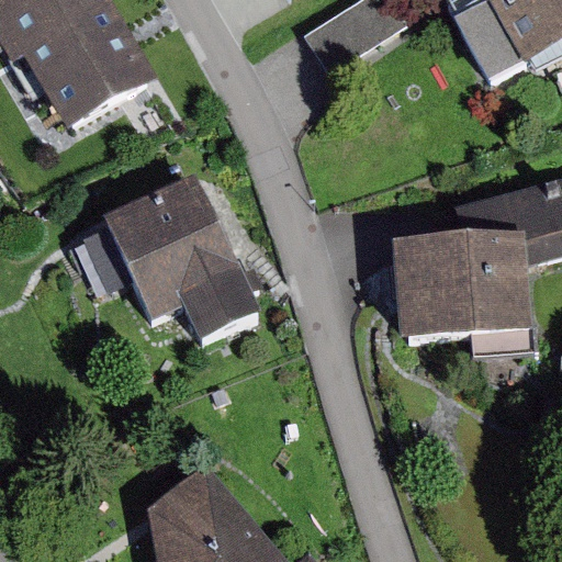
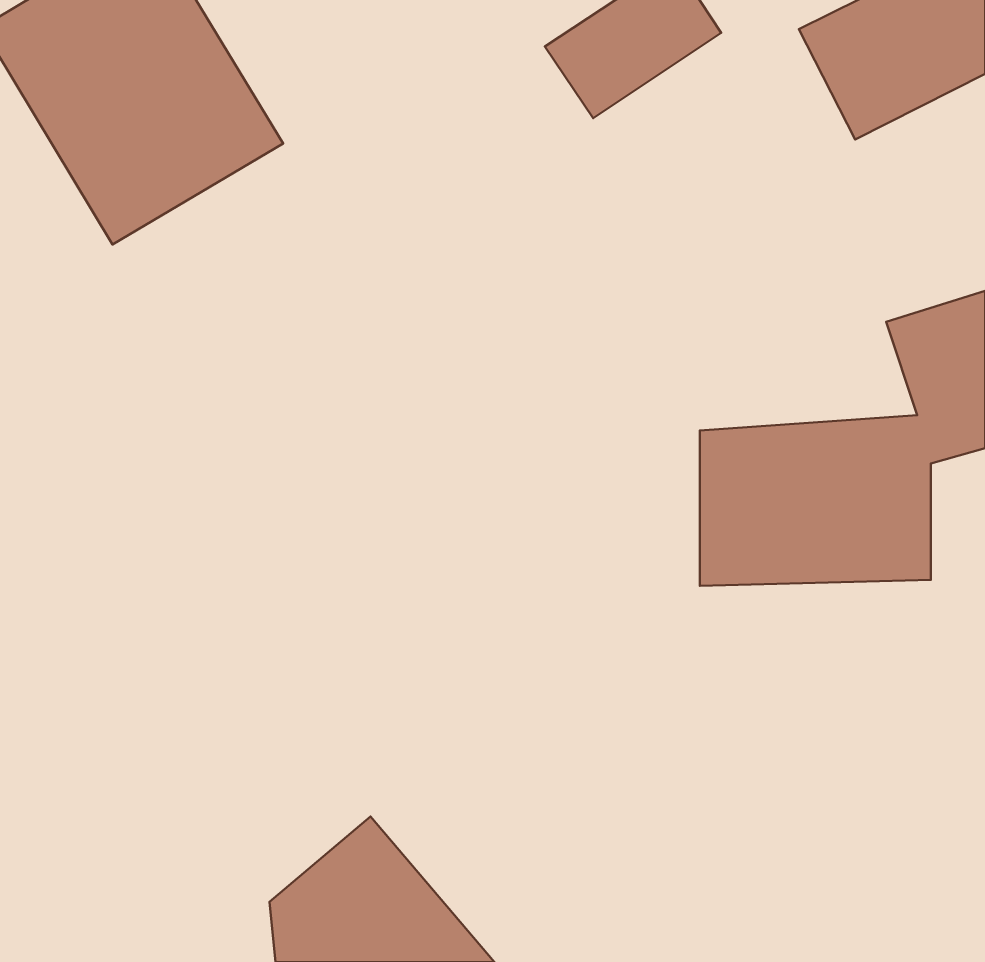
building: [103,181,259,340] -> none

